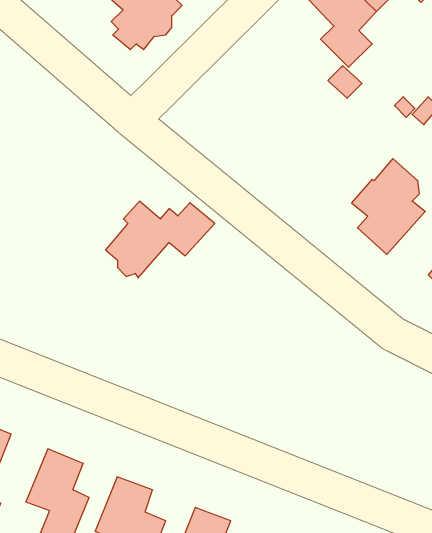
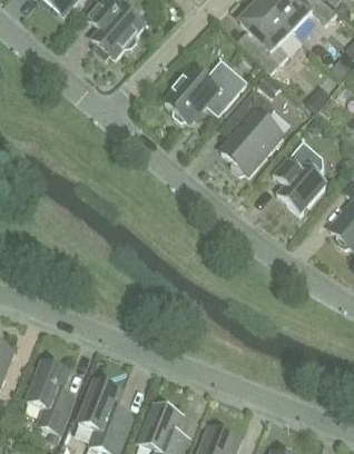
building: none -> [220,87,282,172]
building: [106,201,215,278] -> [164,63,246,121]

